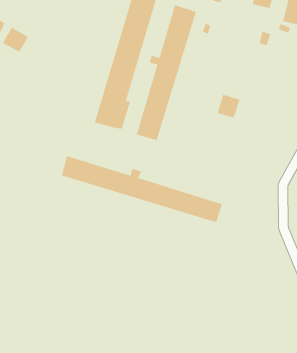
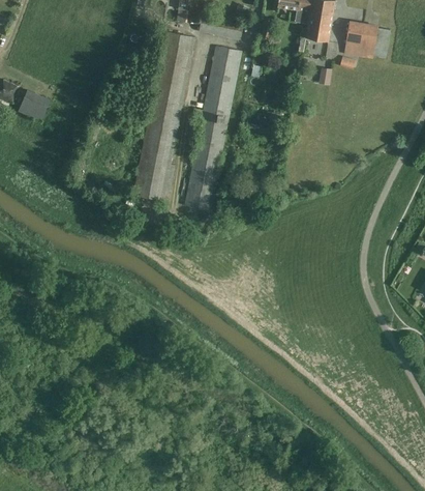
building: [217,94,240,119] -> none
building: [61,155,223,223] -> none

